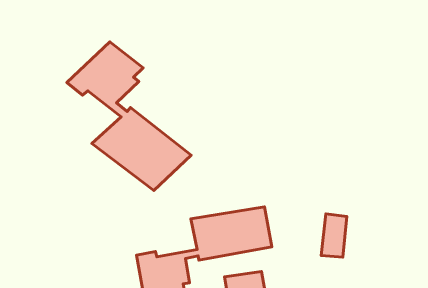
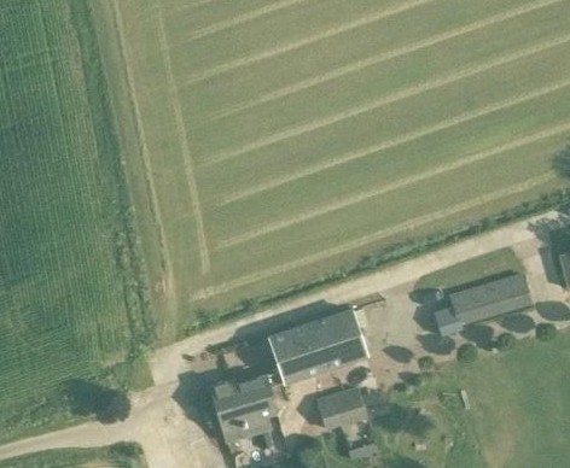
building: [67,42,191,190] -> none
building: none -> [450,276,530,326]

